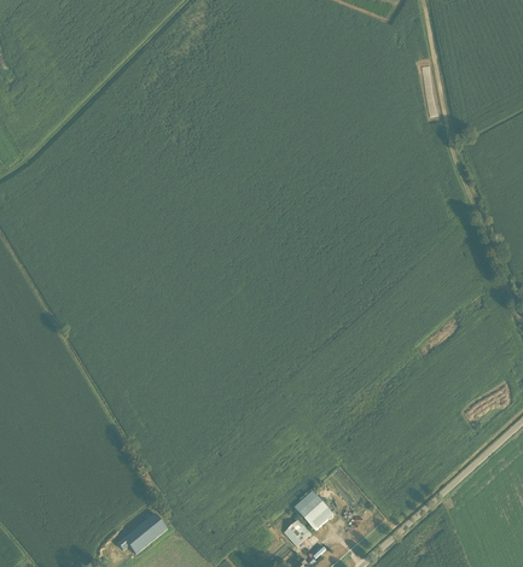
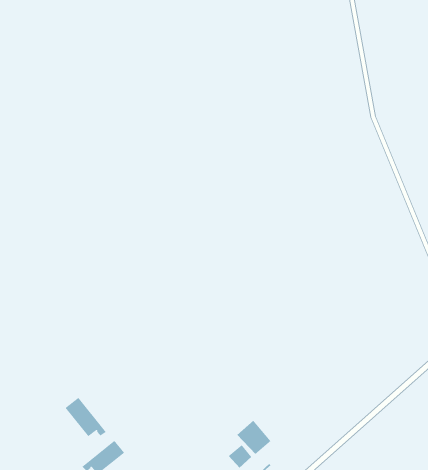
building: none -> [64,397,107,437]

